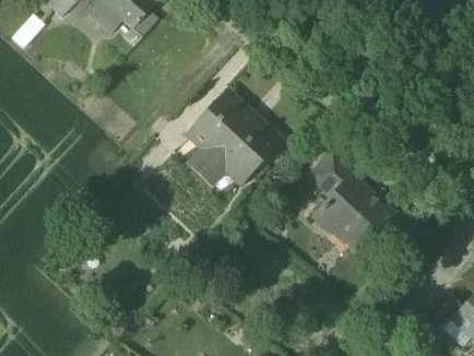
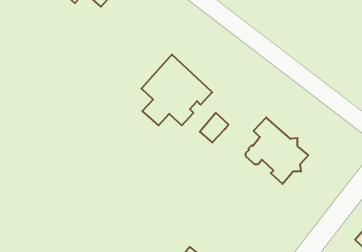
building: [311,152,346,188] -> [200,113,228,143]

